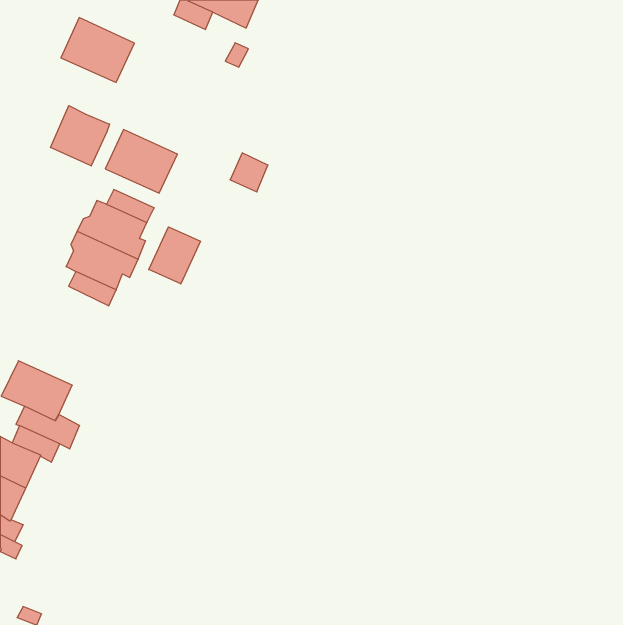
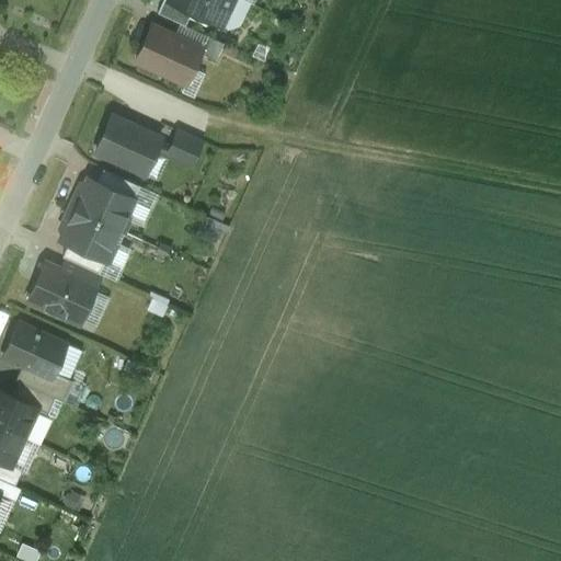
building: [61,18,134,82] -> [137,25,203,83]
building: [50,106,110,166] -> none
building: [230,153,268,192] -> [168,131,202,167]
building: [149,227,200,284] -> none
building: none -> [30,263,96,322]

